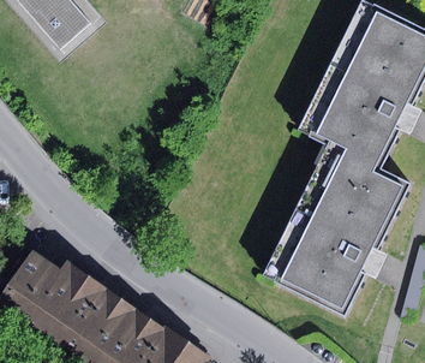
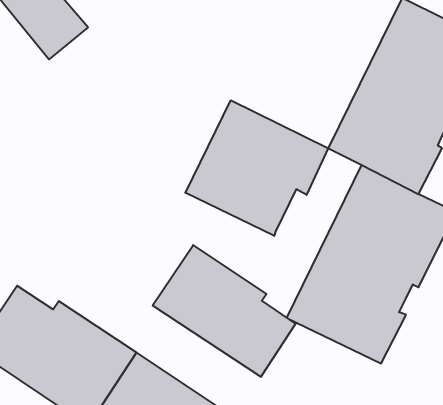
building: none -> [185,100,328,236]
building: none -> [153,245,296,377]

